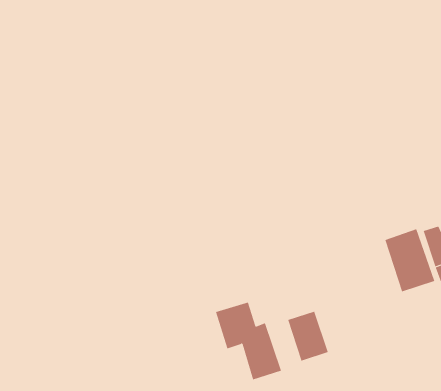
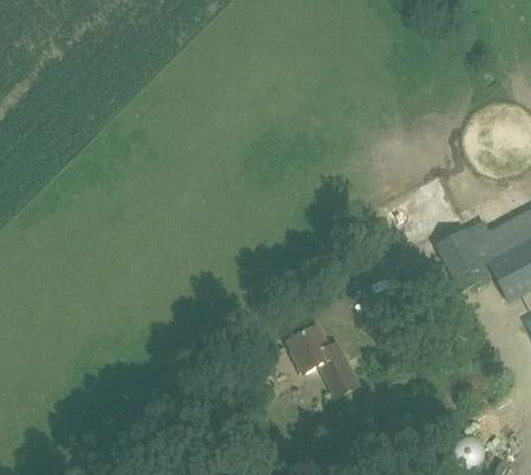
building: [288,311,329,362] -> none

